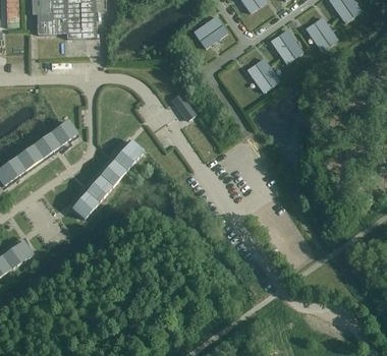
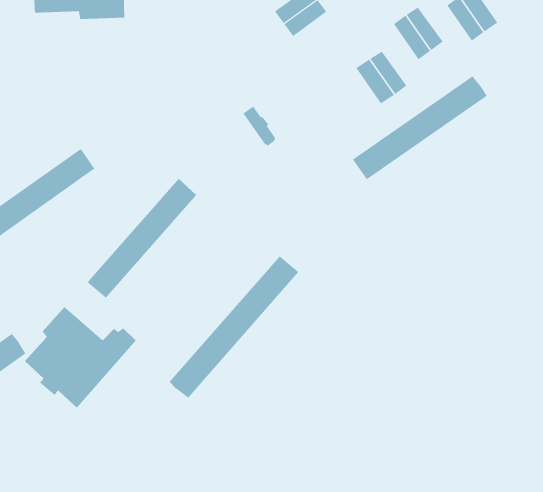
building: none -> [352,75,487,180]
building: none -> [169,255,299,398]
building: none -> [24,306,137,409]

